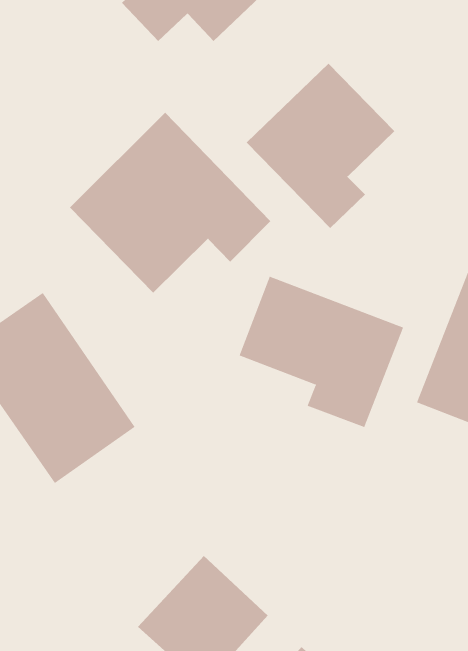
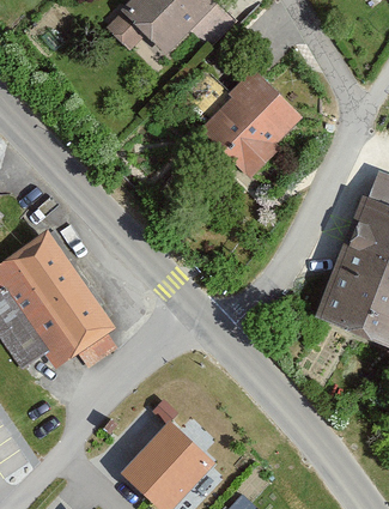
building: [69,112,271,294] -> none
building: [239,276,404,428] -> none

